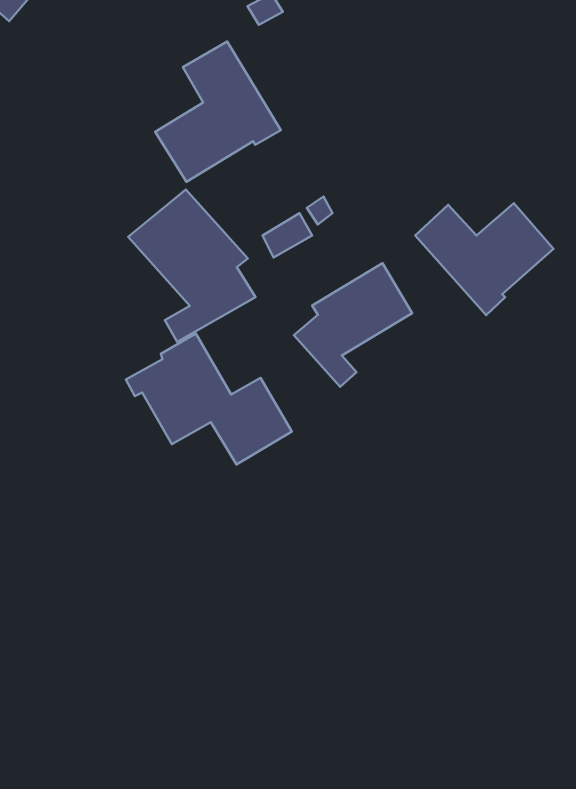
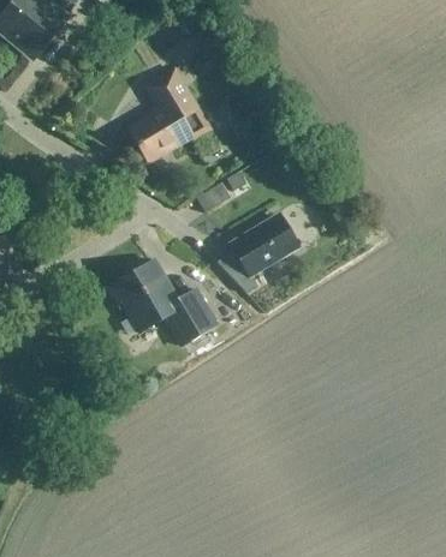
building: [128,189,255,342] -> none
building: [415,203,553,315] -> none

